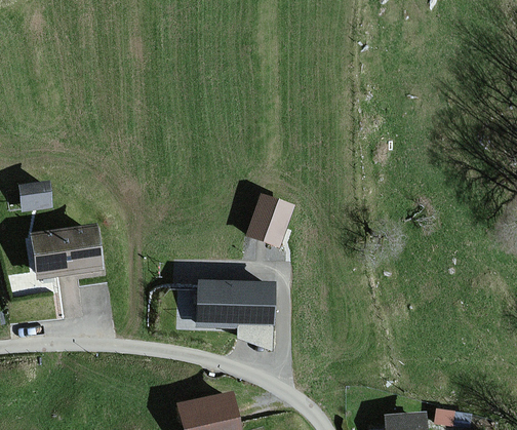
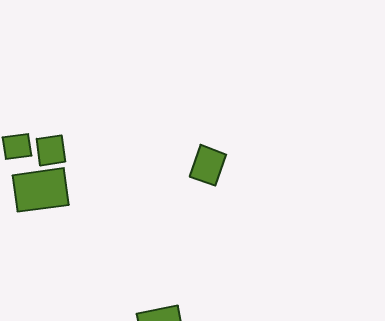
building: none -> [37,135,65,166]
building: [198,280,273,348] -> none

